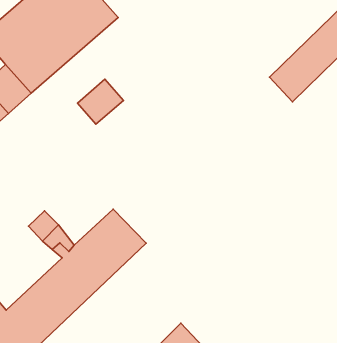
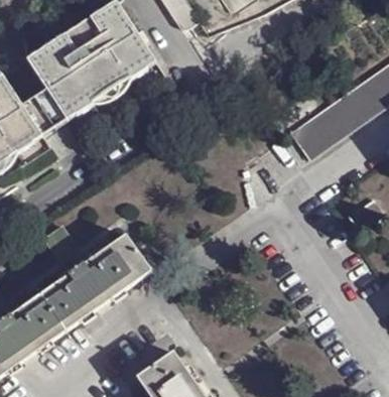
building: [77,79,123,124] -> none

